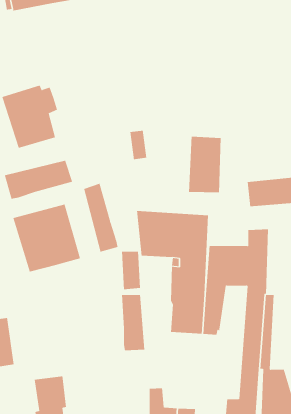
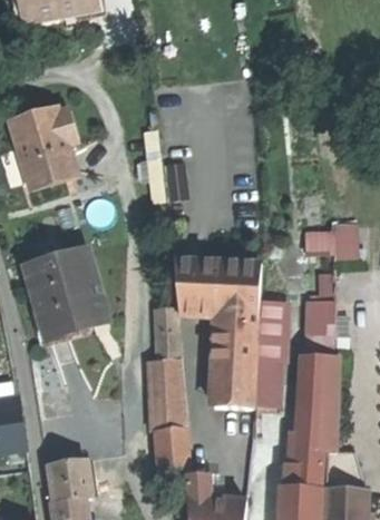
building: [189,136,221,193] -> none
building: [4,160,73,199] -> none
building: [84,183,118,253] -> none
building: none -> [157,430,186,472]

